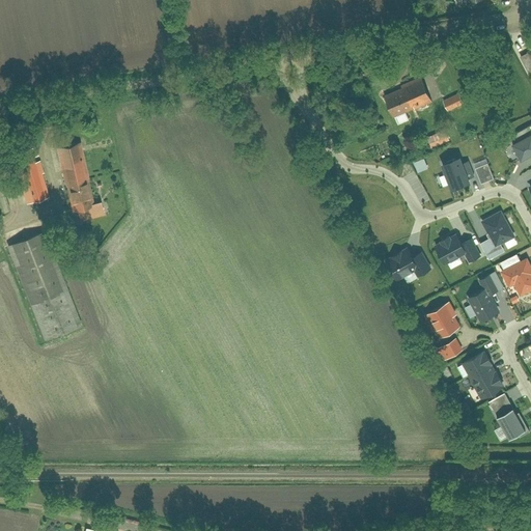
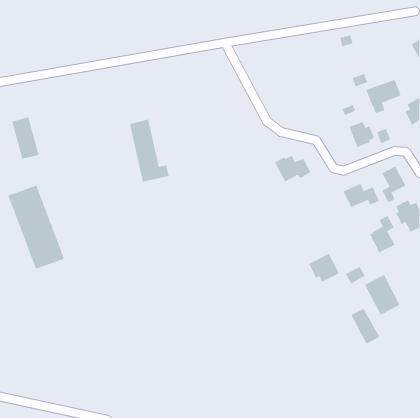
building: [385,83,430,127] -> [365,79,402,114]
building: [57,144,108,224] -> [129,119,169,182]
building: [384,247,430,281] -> [274,155,311,182]
building: [420,303,459,340] -> [309,253,340,283]
building: [488,393,526,439] -> [351,308,380,344]

